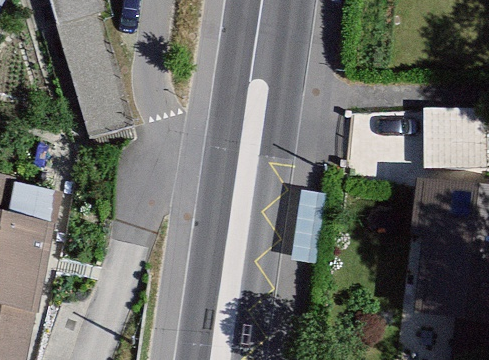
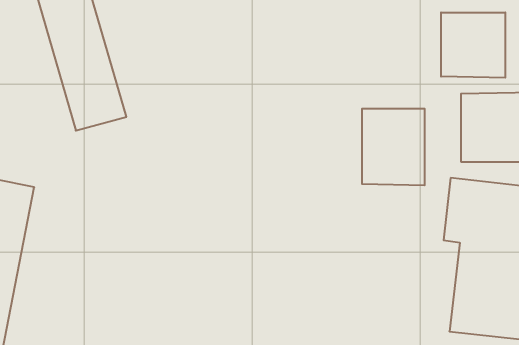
building: none -> [441,12,505,78]
building: none -> [362,109,425,185]

